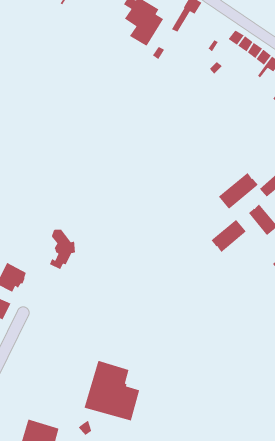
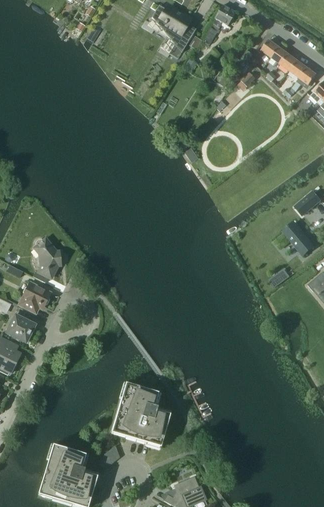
building: [218,172,259,210] -> none
building: [210,219,247,253] -> none
building: [49,229,76,270] -> [34,240,62,283]

